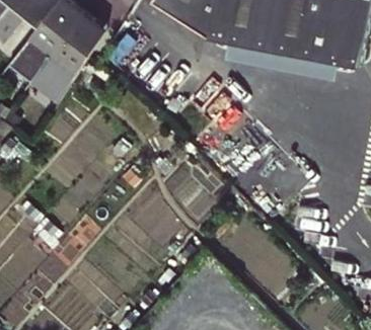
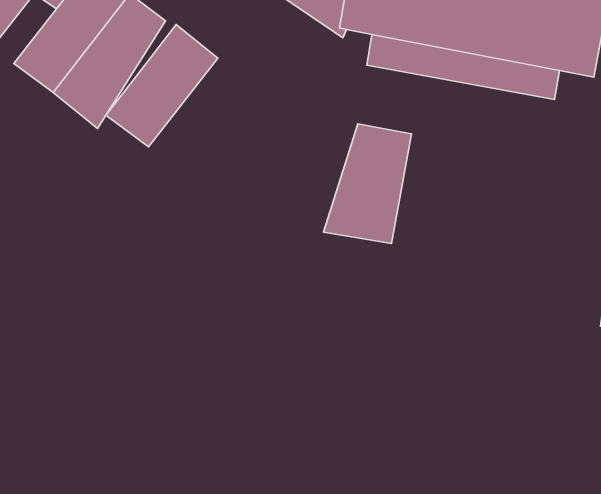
building: none -> [106,24,218,147]
building: none -> [324,124,412,243]

